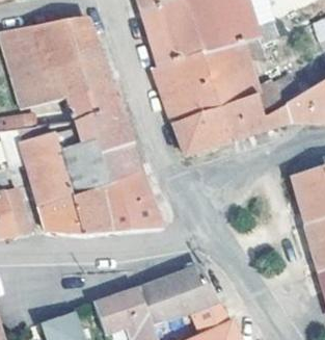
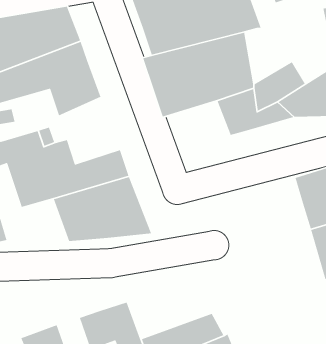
building: [76,102,133,163] -> none
building: [171,105,234,153] -> none
building: [42,195,85,235] -> none
building: [139,269,217,324] -> none

